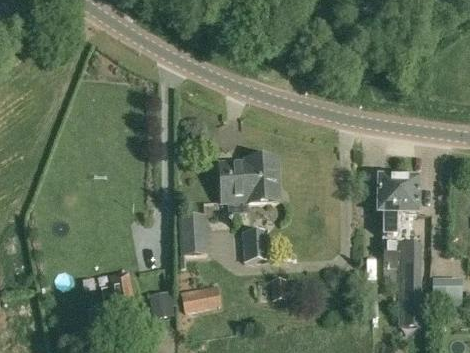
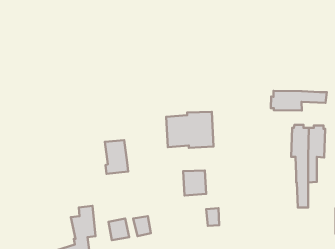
building: none -> [271,91,327,110]
building: [180,213,209,255] -> [105,140,128,174]
building: [398,243,421,309] -> none

